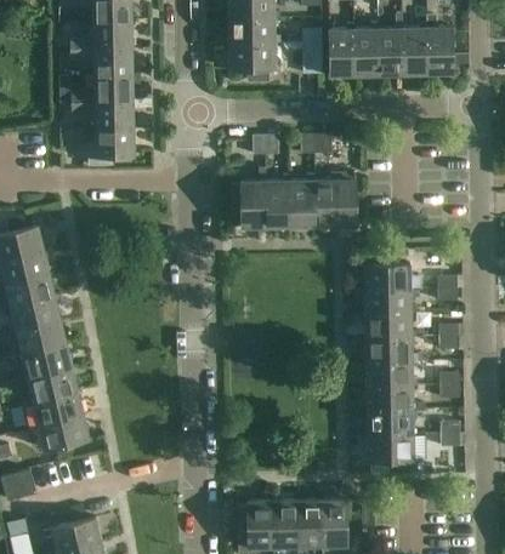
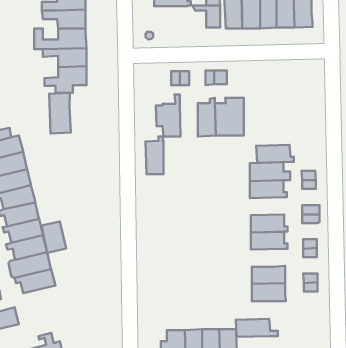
building: [228,42,280,80] -> none
building: none -> [49,93,71,134]
building: [265,173,290,227] -> [146,136,163,174]
building: [364,313,418,338] -> [256,145,294,163]
building: none -> [42,221,66,253]
building: [365,385,425,411] -> [236,319,278,337]

